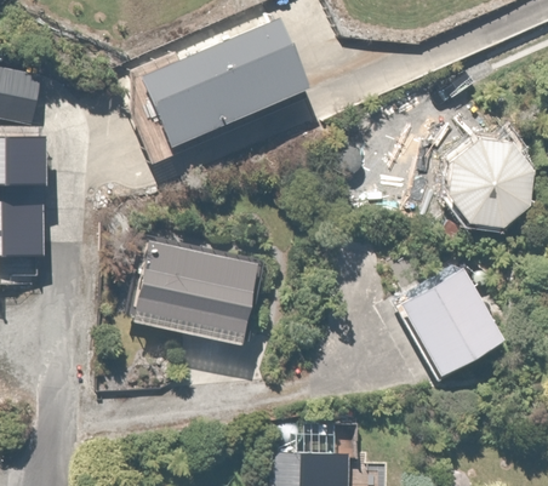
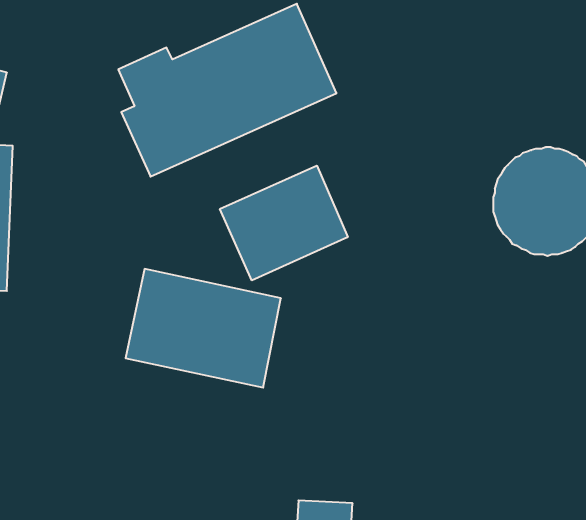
building: none -> [220,166,348,280]
building: [384,262,507,388] -> none

